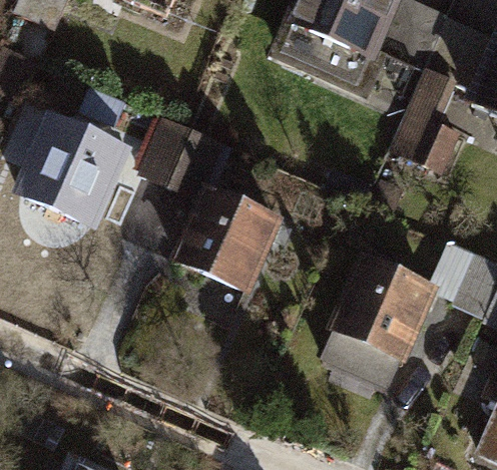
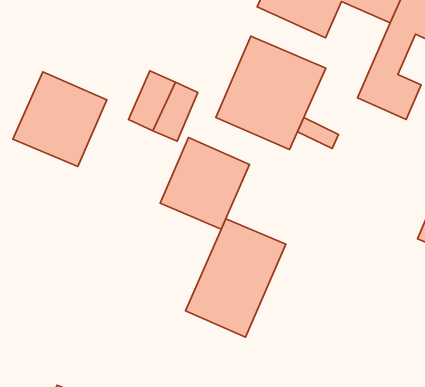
building: none -> [216,36,326,150]
building: [322,259,429,385] -> [186,219,286,337]

